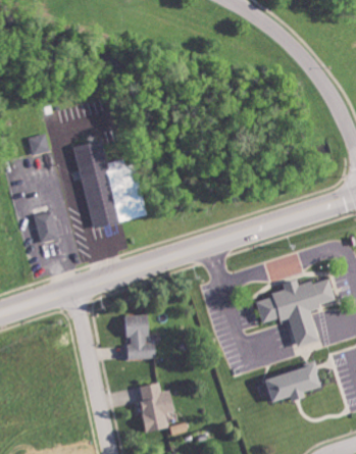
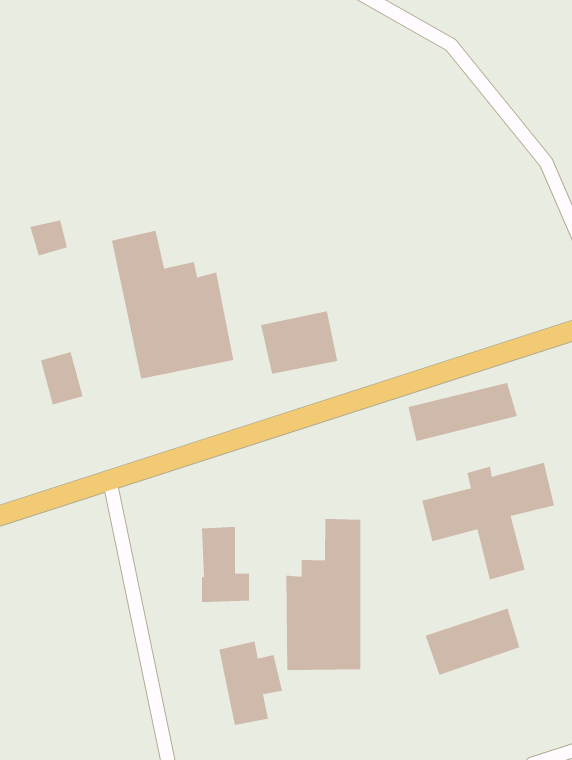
building: none -> [260,310,338,375]
building: none -> [408,382,517,442]
building: none -> [286,518,361,671]

